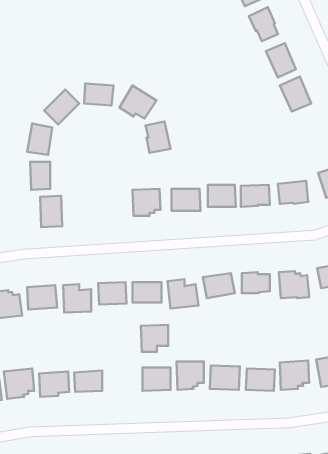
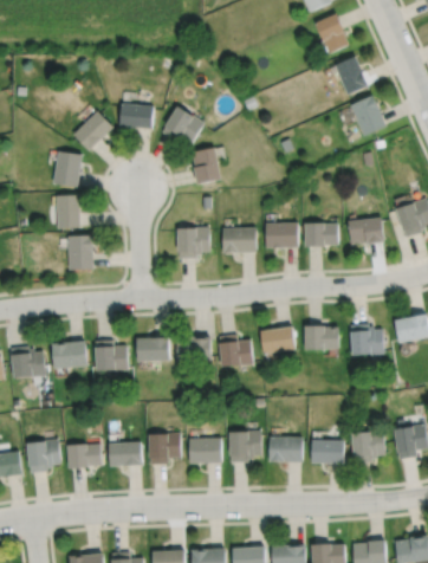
building: [141,325,168,352] -> [148,433,180,465]

